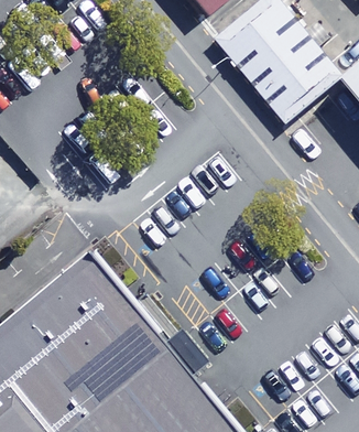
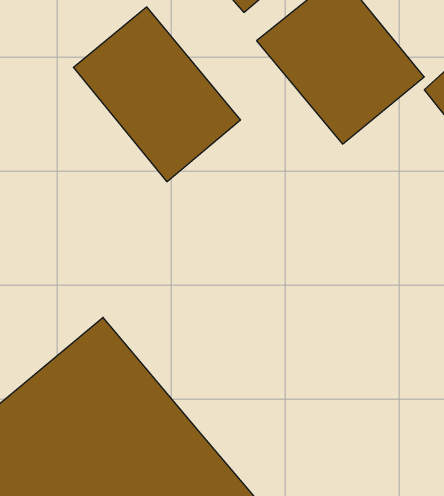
building: none -> [73,7,240,182]

